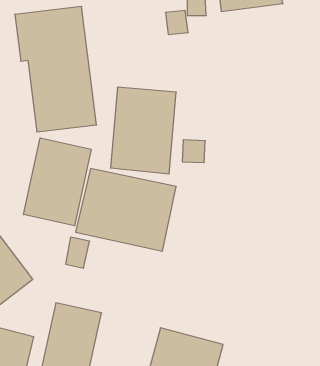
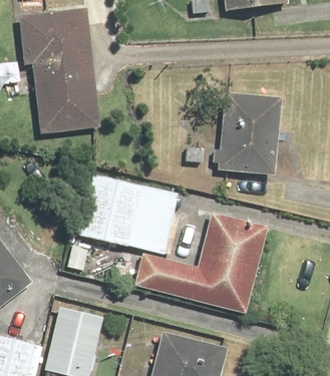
building: [110,87,176,174] -> [216,91,282,178]
building: [23,138,91,226] -> none
building: none -> [134,214,268,316]

